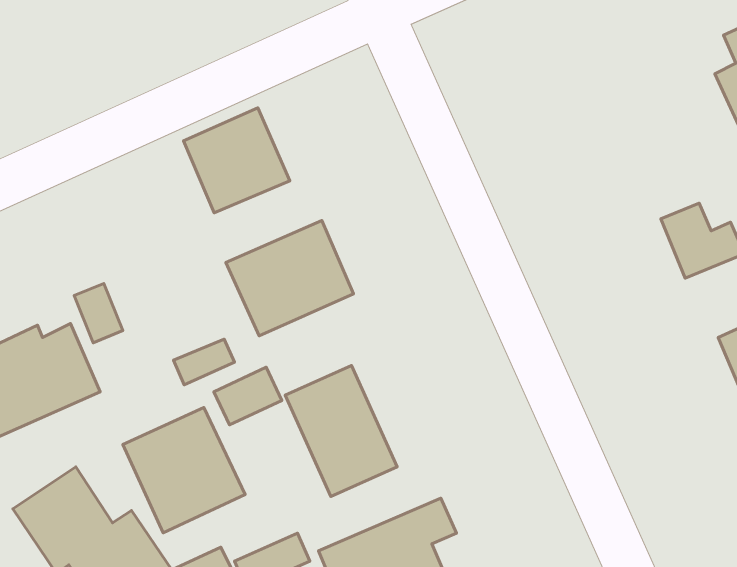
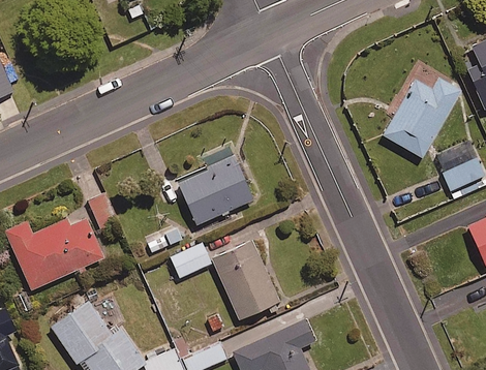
building: none -> [384,78,461,157]
building: [184,108,290,213] -> none
building: [123,408,245,533] -> none

